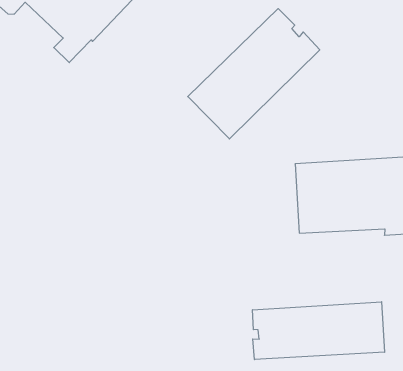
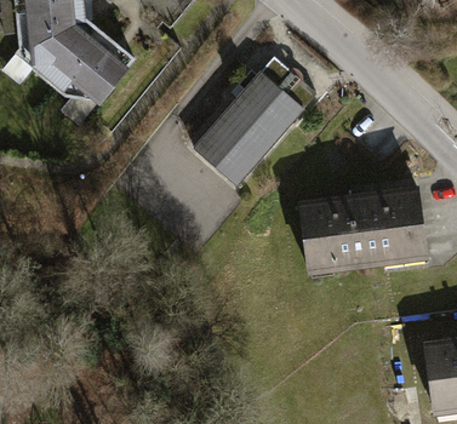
building: [253,302,385,360] -> none

